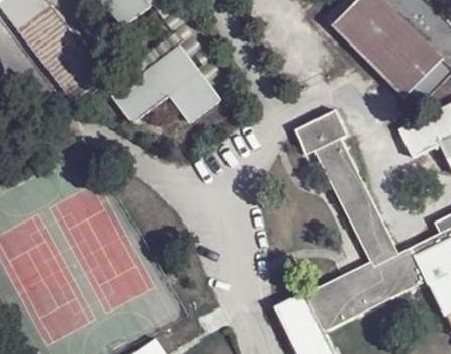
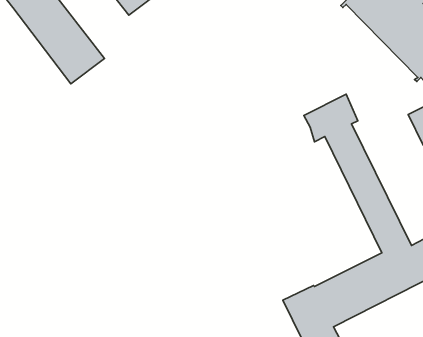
building: [109,45,217,121] -> none

